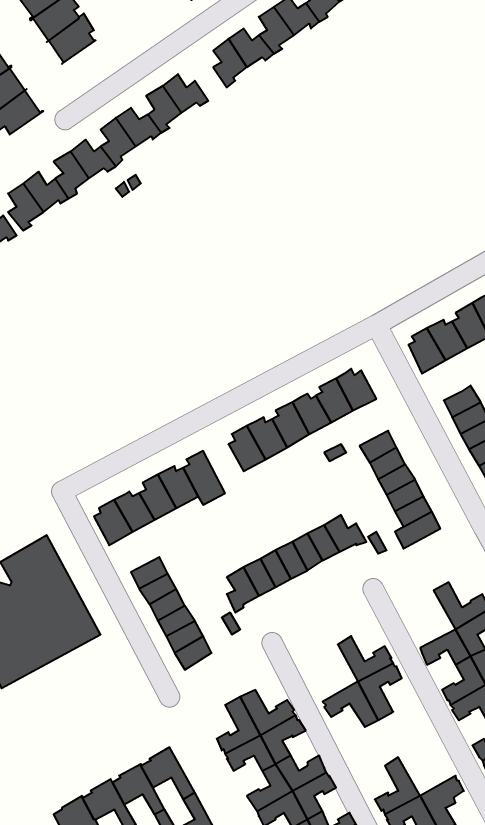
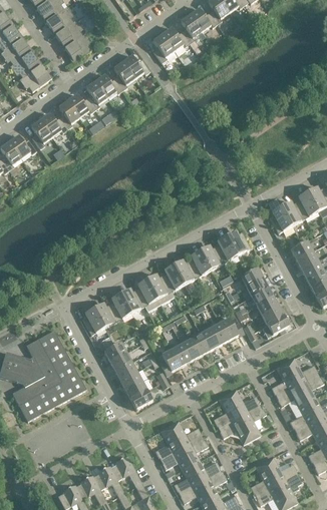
building: none -> [63,32,92,62]
building: none -> [147,274,174,304]
building: none -> [271,362,298,396]
building: none -> [214,394,240,428]
building: none -> [264,456,298,484]

